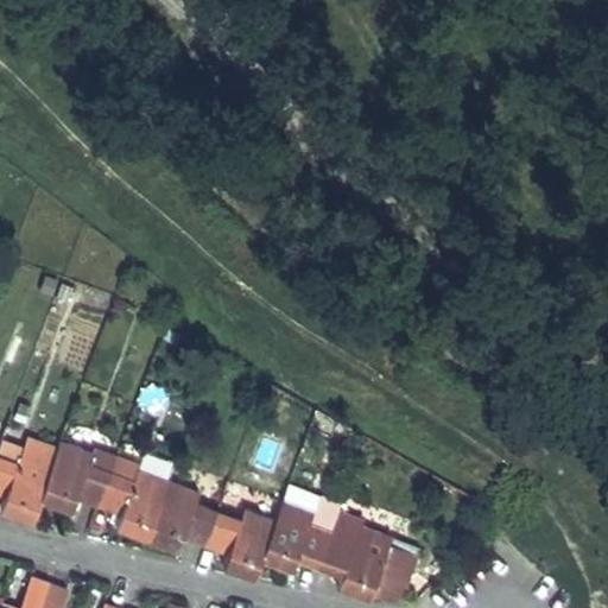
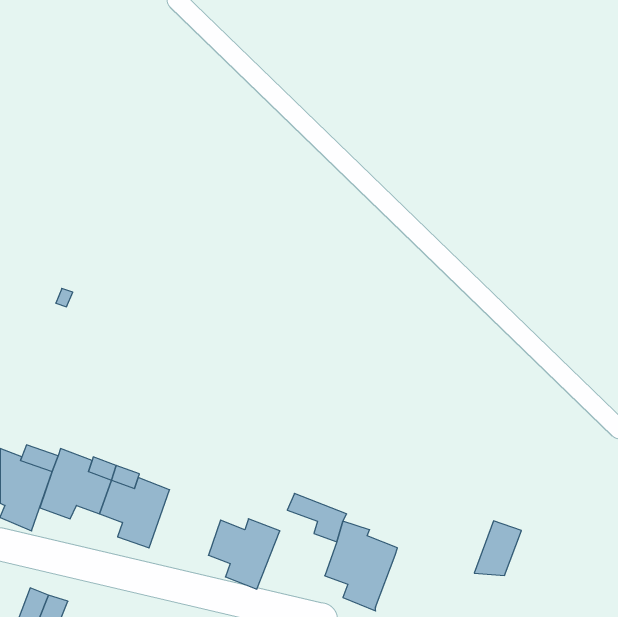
building: [147,482,217,551] -> none
building: [261,502,331,571] -> none
building: [369,546,416,600] -> [474,521,521,575]

